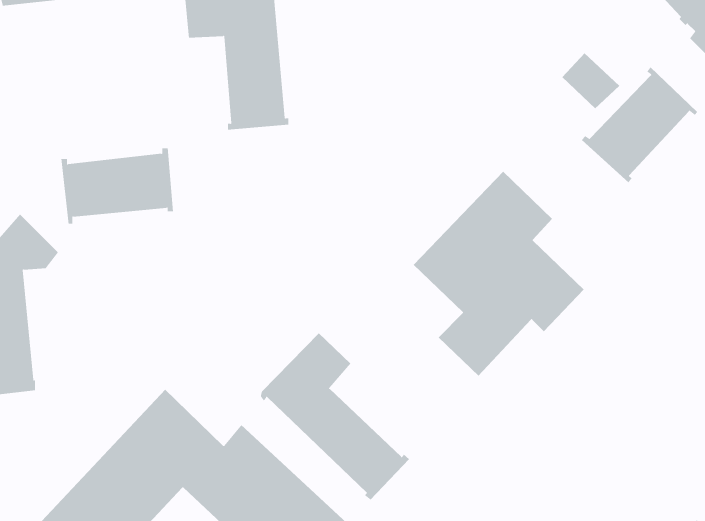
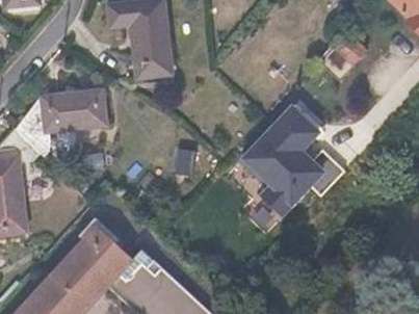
building: [581,66,698,183] -> none
building: [260,333,410,501] -> none

